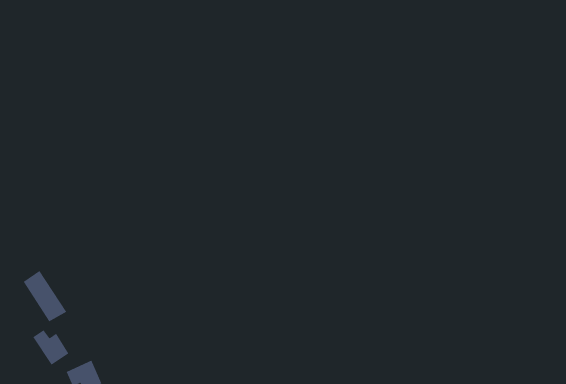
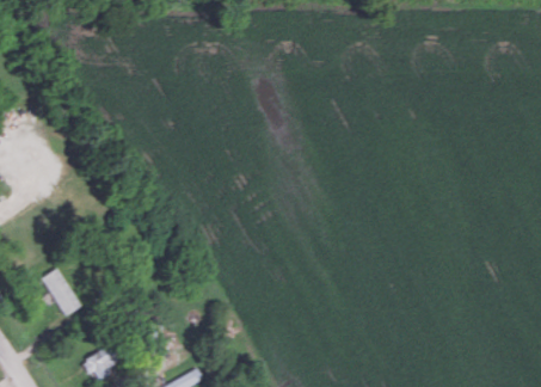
building: [32,330,69,365] -> none

